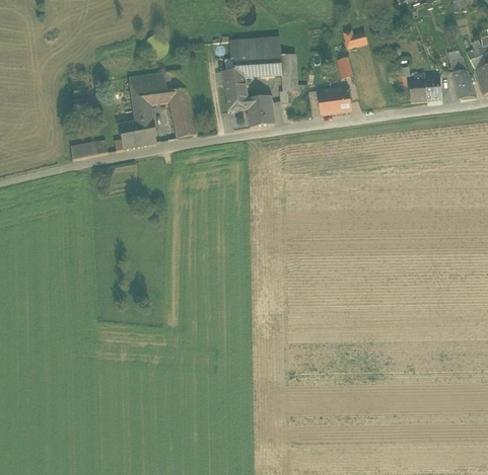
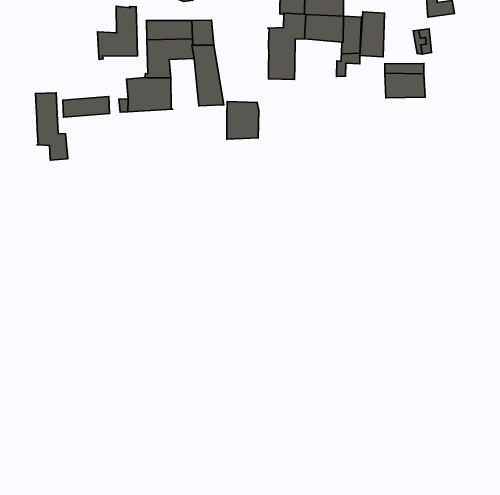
building: none -> [360,12,385,57]
building: none -> [97,6,138,60]
building: [247,95,274,127] -> [227,102,259,139]
building: none -> [36,93,68,160]

